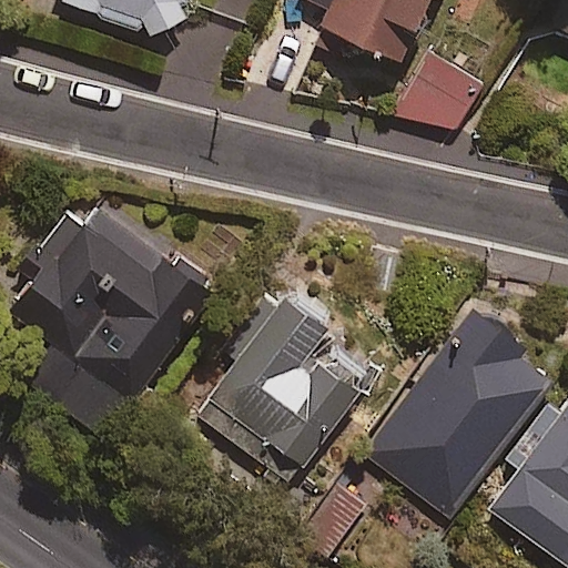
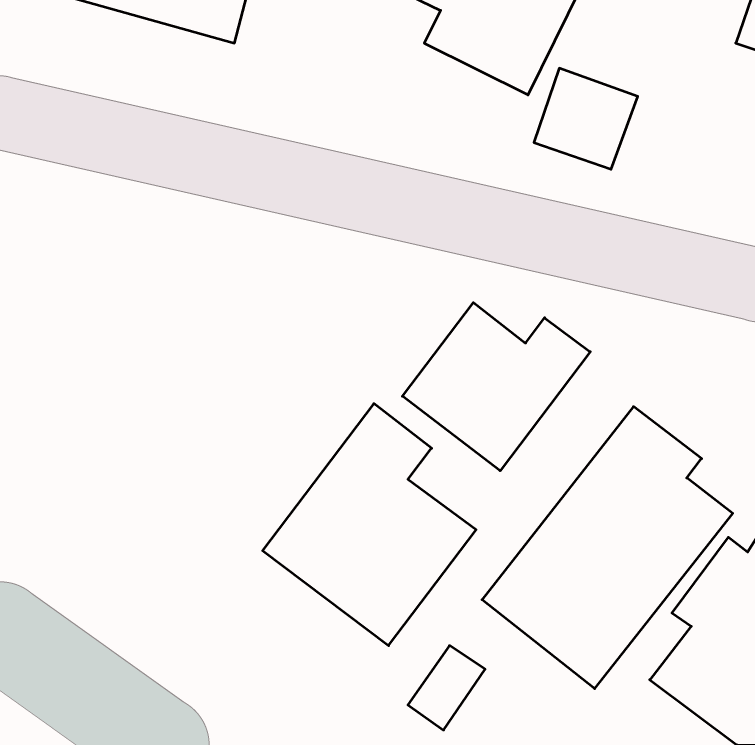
building: [12,209,211,438] -> none
building: none -> [402,303,590,471]

